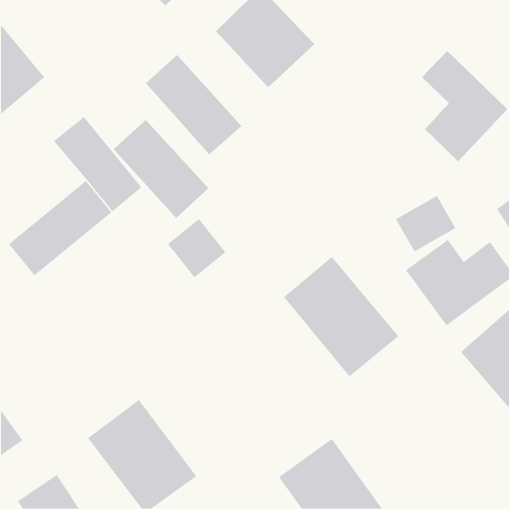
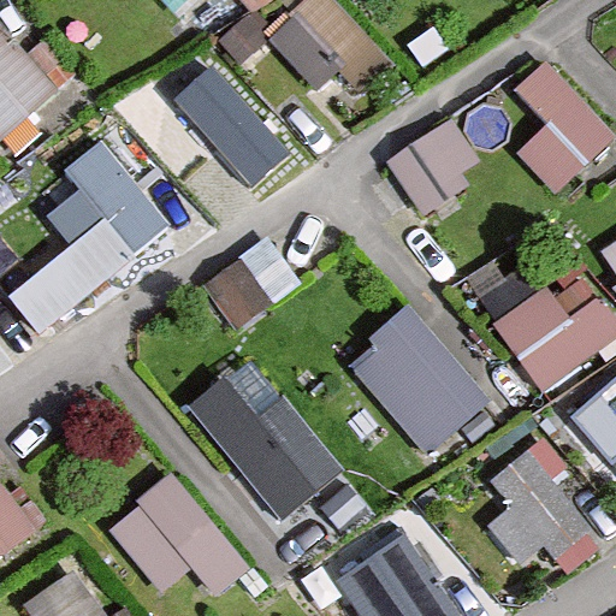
building: none -> [389,123,481,223]
building: [113,119,209,219] -> none
building: none -> [194,375,345,516]
building: none -> [496,431,604,567]

